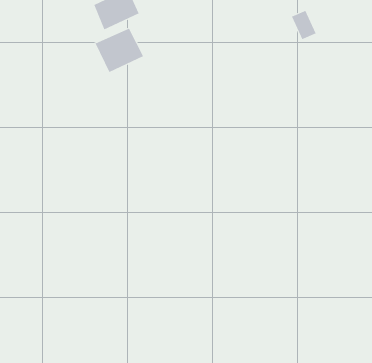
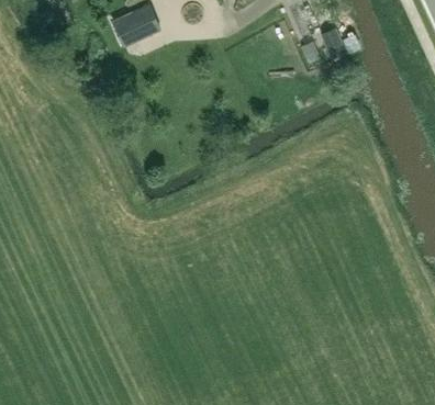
building: [95,28,144,73] -> none

